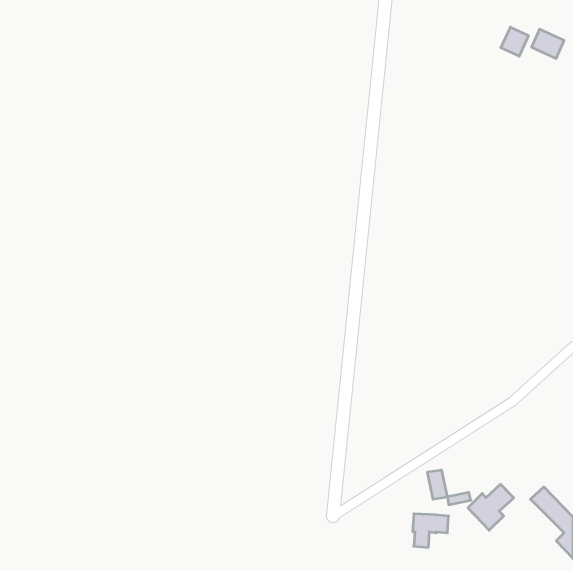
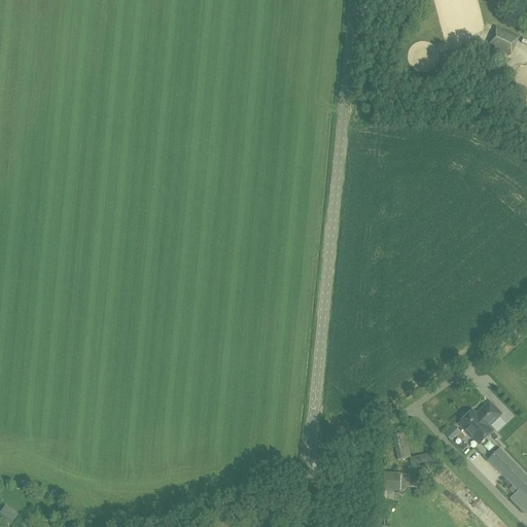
building: [501,27,528,56] -> none
building: [468,484,514,530] -> [459,400,501,443]

